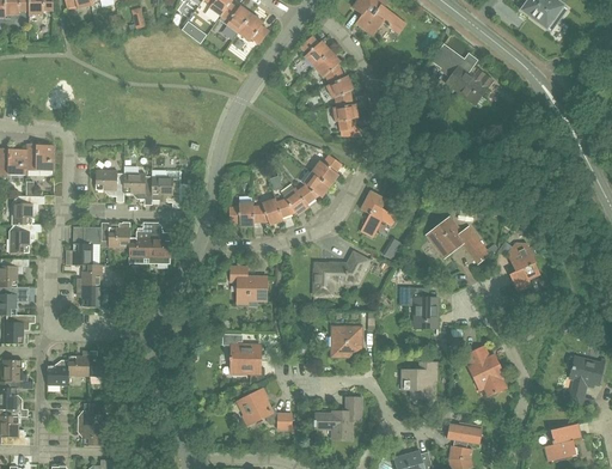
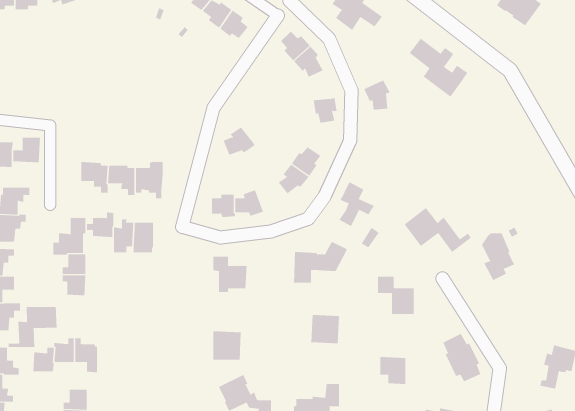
building: [326,74,354,105] -> [364,80,390,110]
building: [276,187,310,217] -> [223,126,256,156]
building: none -> [8,306,57,348]

